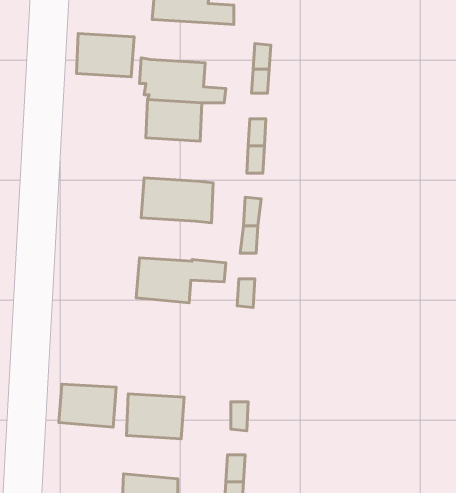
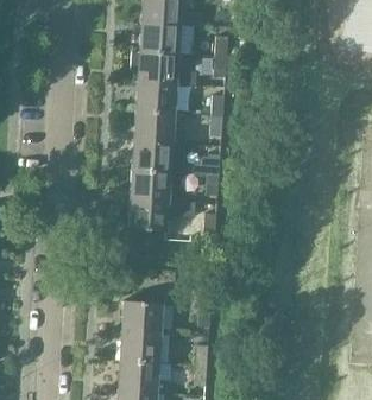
building: [77,34,134,77] -> [139,23,182,55]
building: none -> [134,110,176,142]
building: none -> [131,170,172,202]
building: [59,384,116,427] -> [119,331,162,363]

